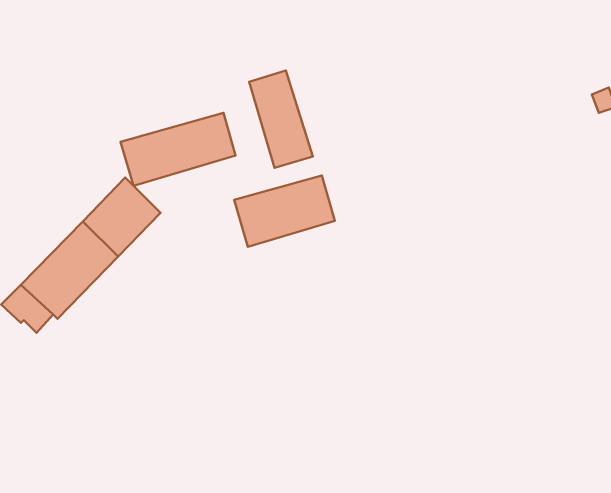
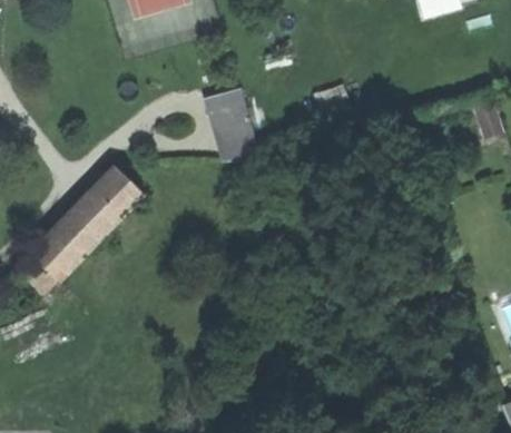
building: [120,113,236,186] -> none
building: [234,175,335,247] -> none

